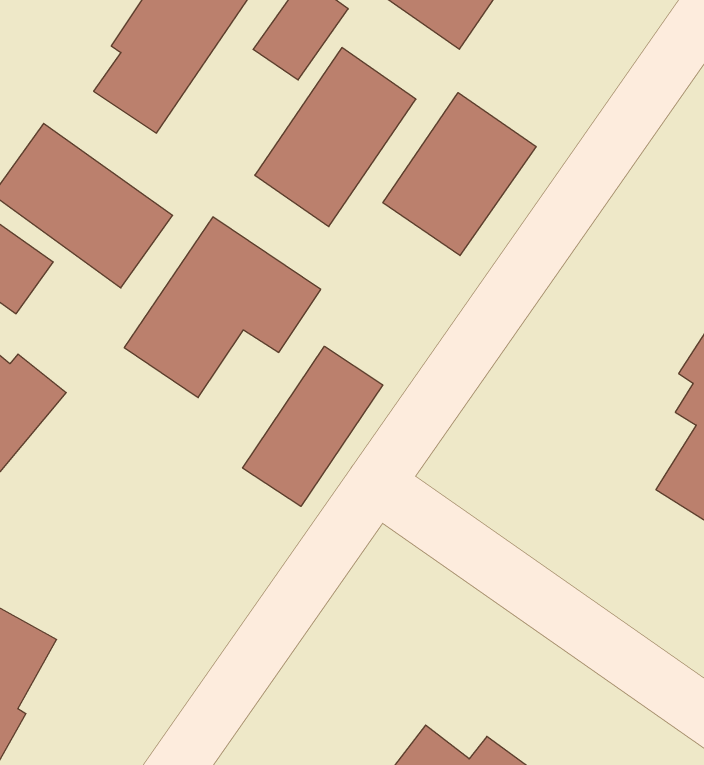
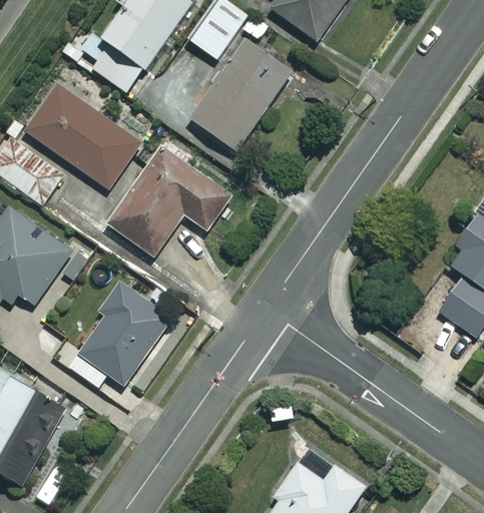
building: [383,93,536,256] -> none
building: [243,346,383,506] -> none
building: none -> [68,281,171,387]

